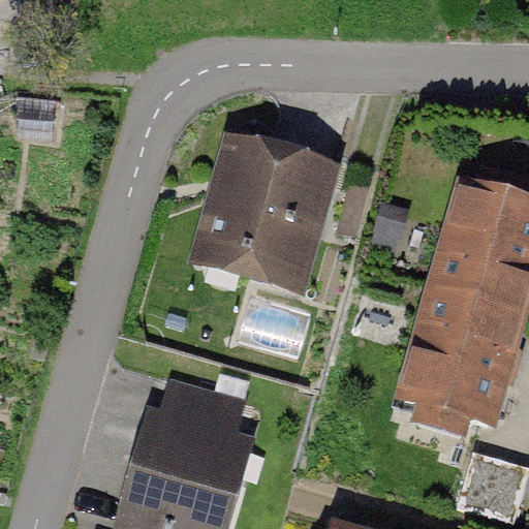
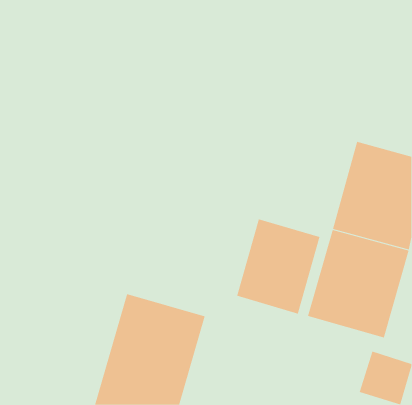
building: [189,129,339,295] -> none
building: none -> [237,219,320,315]

